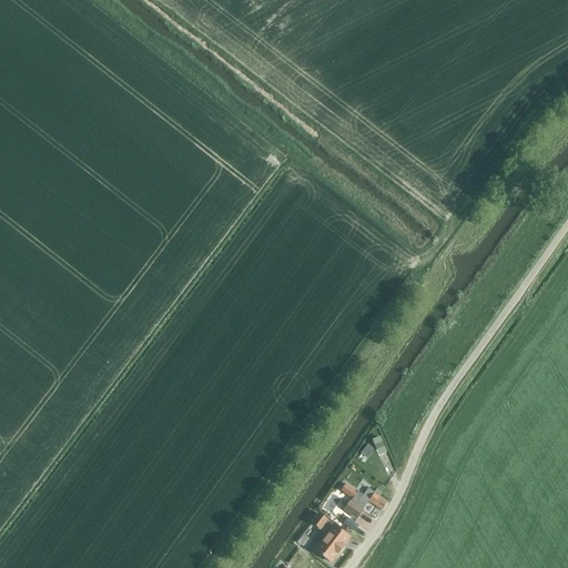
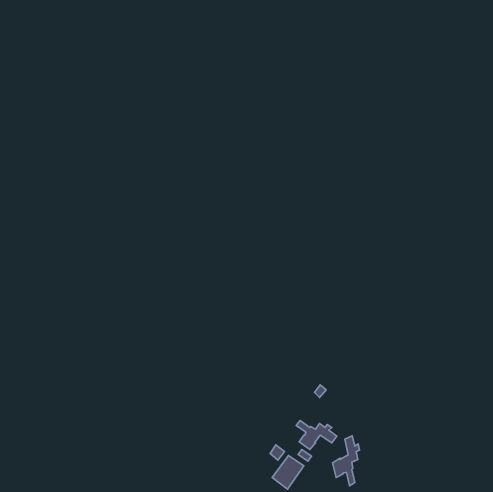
building: none -> [333,436,359,486]

